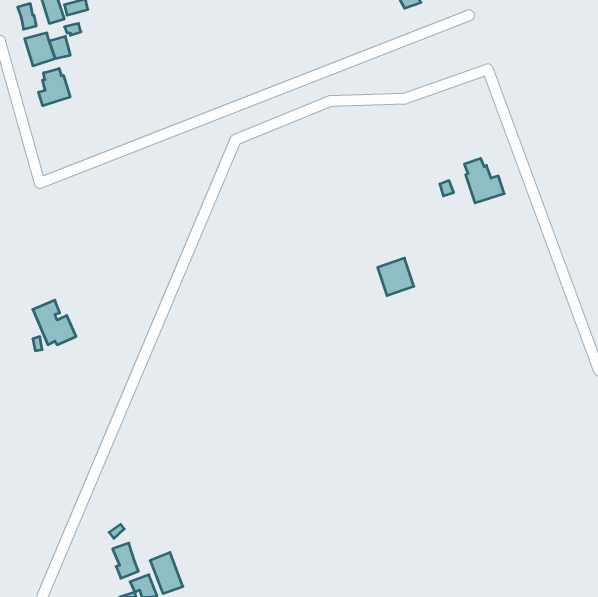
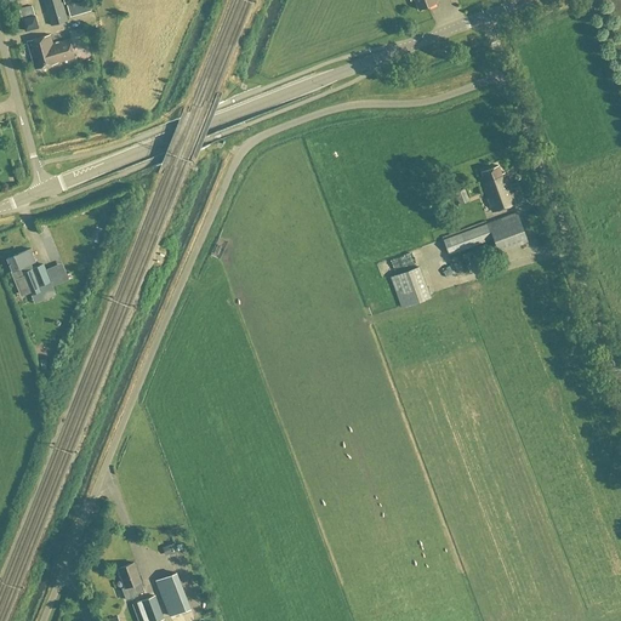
building: [39,68,70,106] -> none
building: none -> [443,211,529,255]
building: [33,300,76,345] -> [6,247,51,294]

